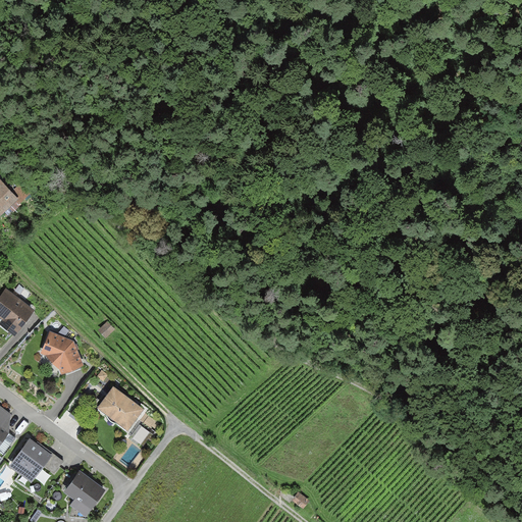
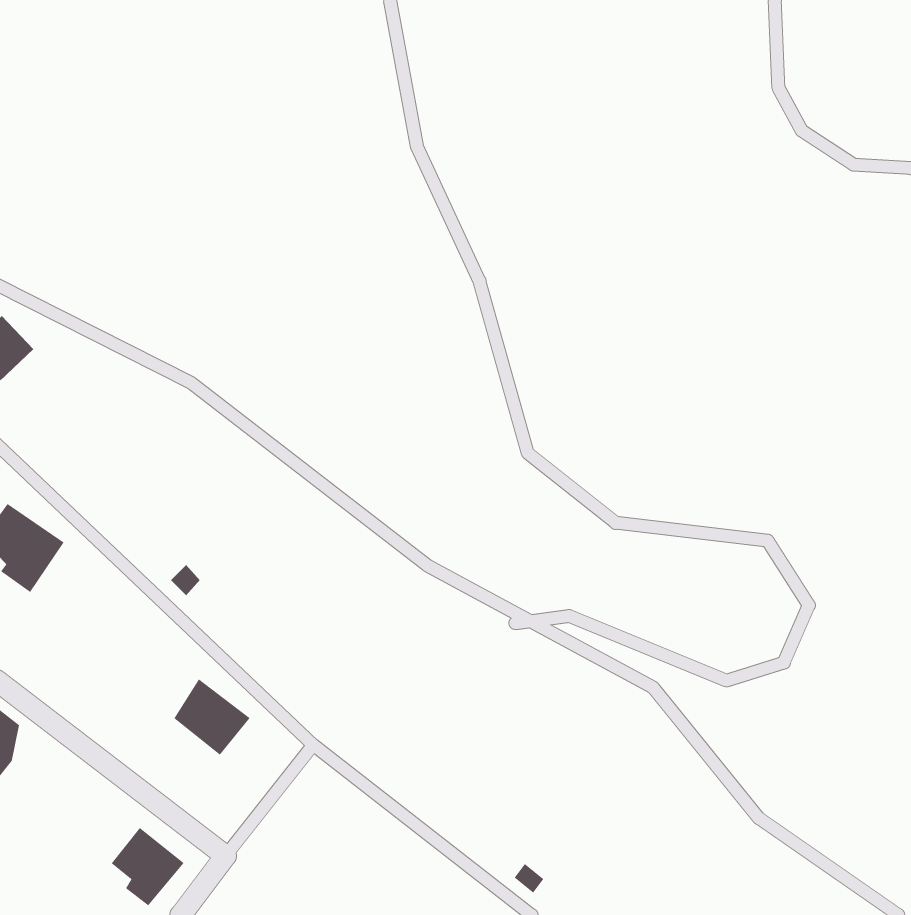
building: [39,330,82,373] -> none
building: [7,439,63,485] -> none

